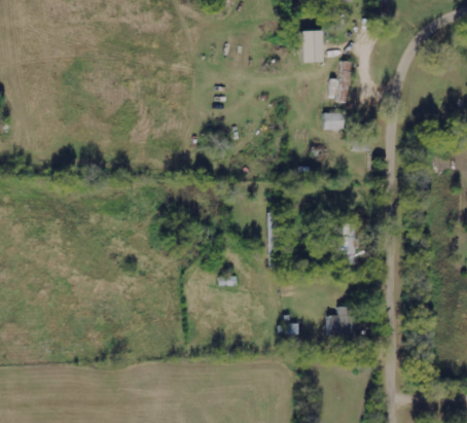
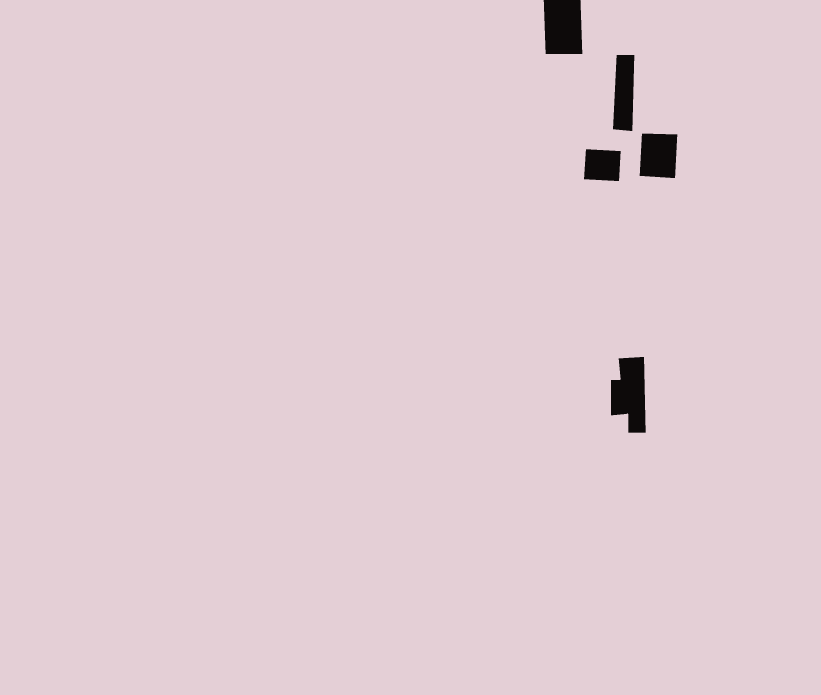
building: none -> [639,133,678,179]
building: [327,307,355,338] -> none

